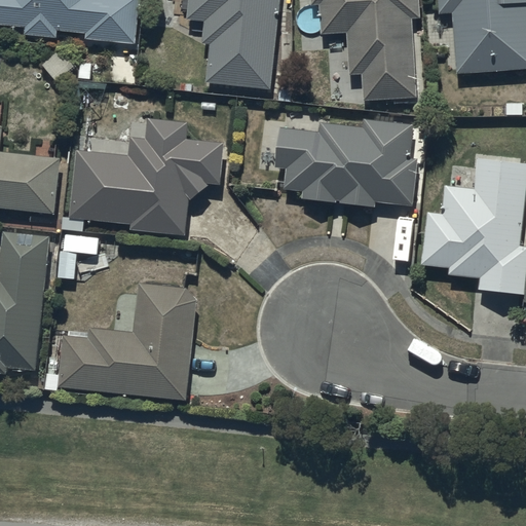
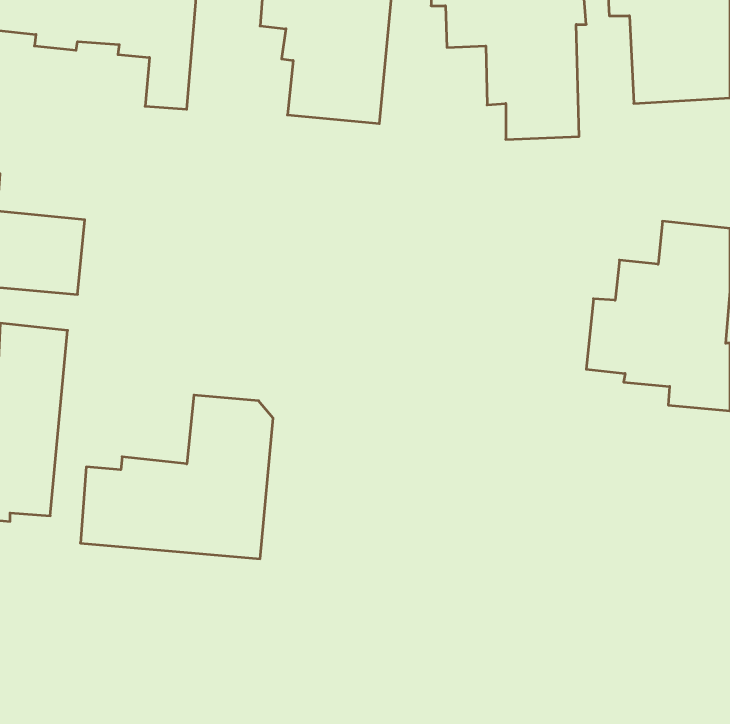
building: [275,119,416,208] -> none
building: [70,120,223,234] -> none

